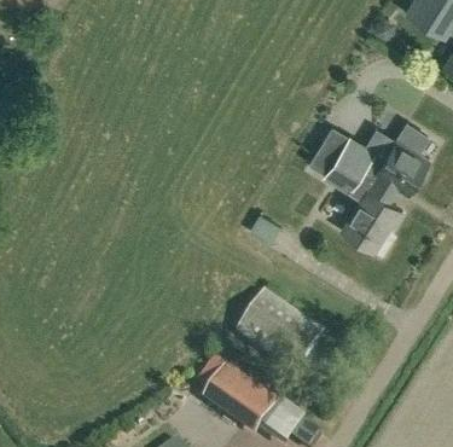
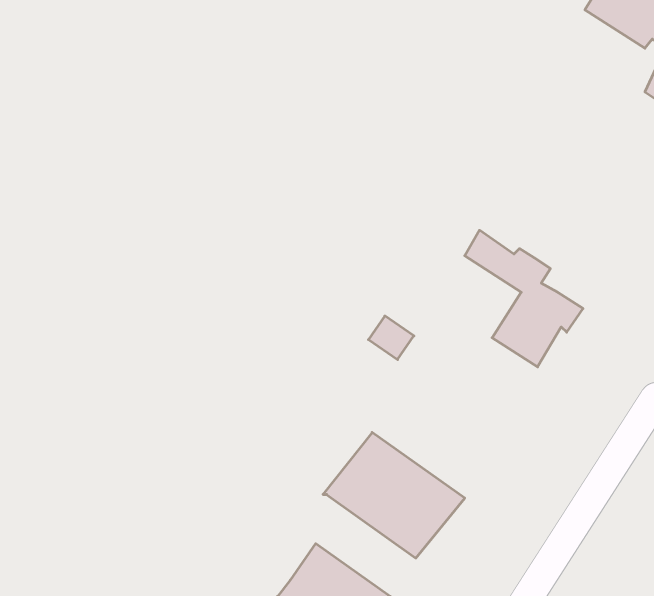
building: [332,130,372,172] -> none
building: [370,137,429,197] -> none

